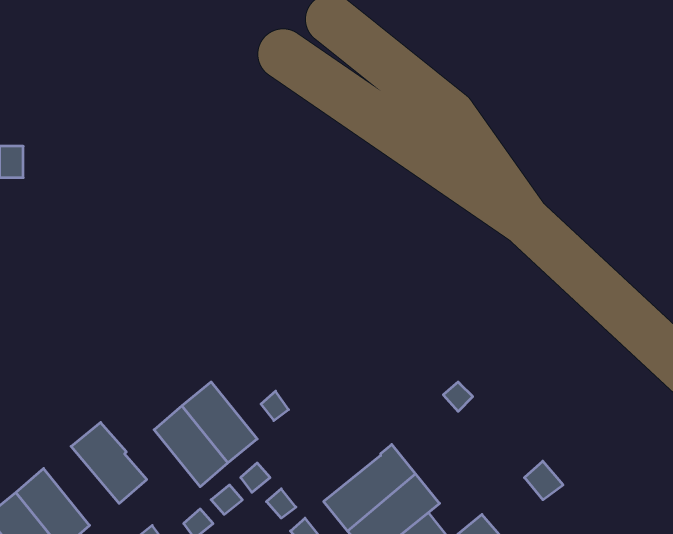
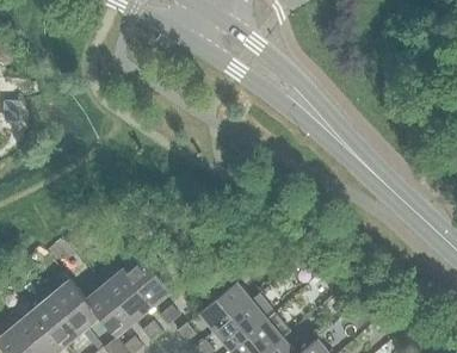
building: none -> [198,283,251,332]
building: none -> [85,285,134,337]
building: none -> [32,296,81,347]

